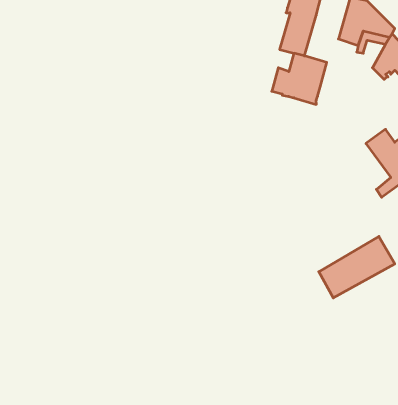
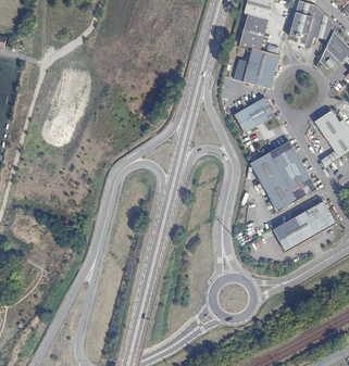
building: none -> [233,96,274,131]
building: none -> [249,141,314,210]

